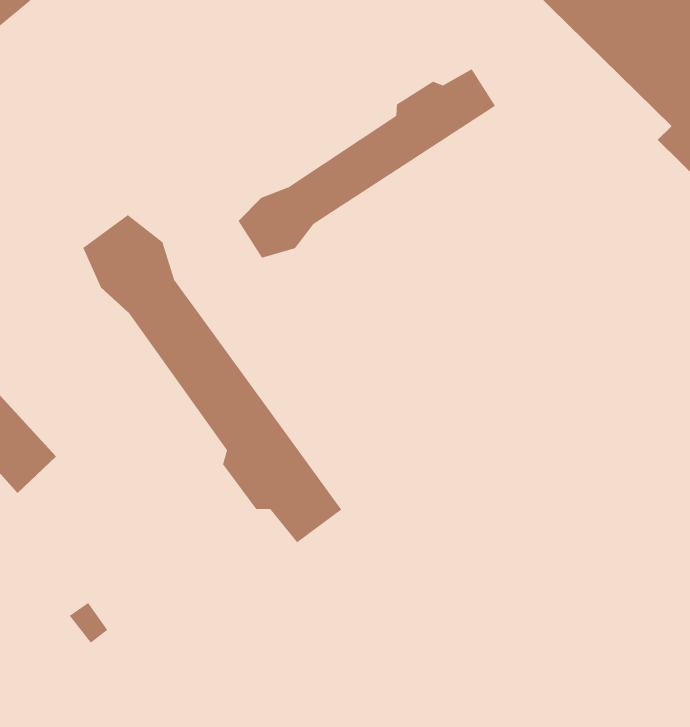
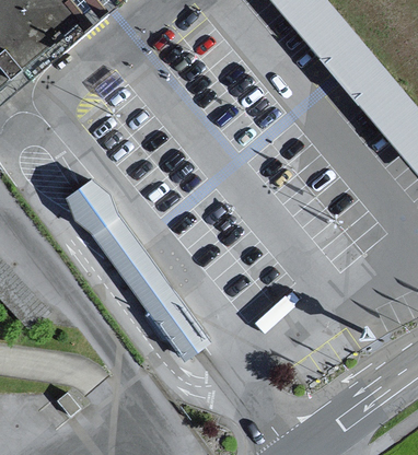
building: [238,68,496,258] -> none

